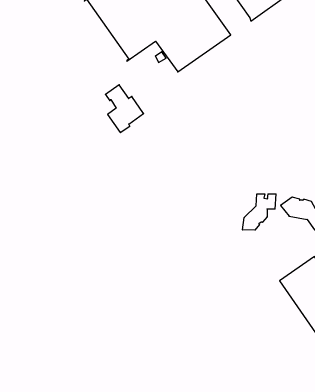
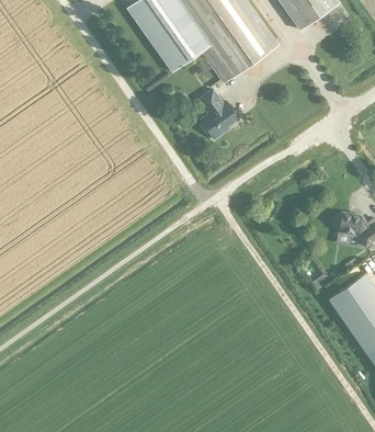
building: [105,85,144,133] -> [198,90,238,139]
building: [243,194,276,230] -> none

